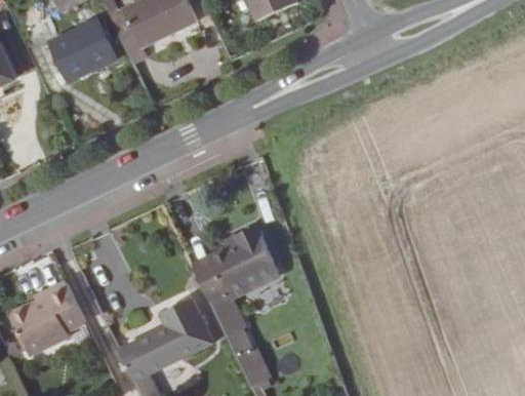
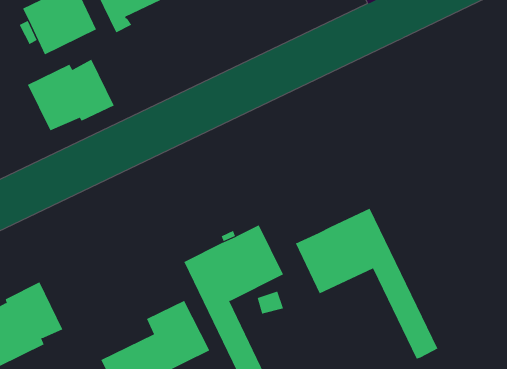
building: none -> [27,59,114,131]
building: none -> [295,208,438,359]

